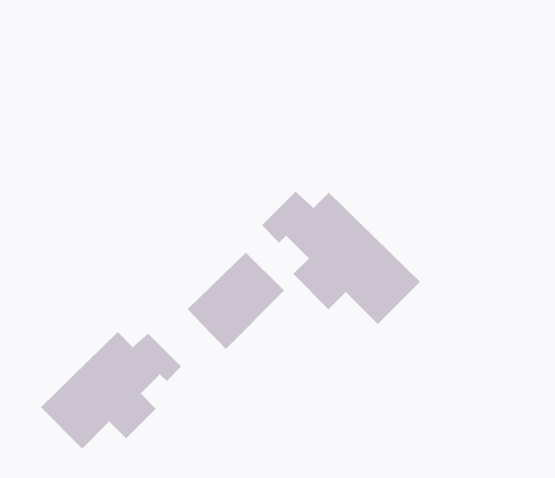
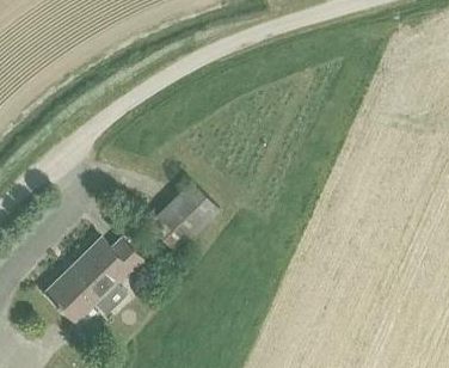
building: [261,191,421,325] -> none

